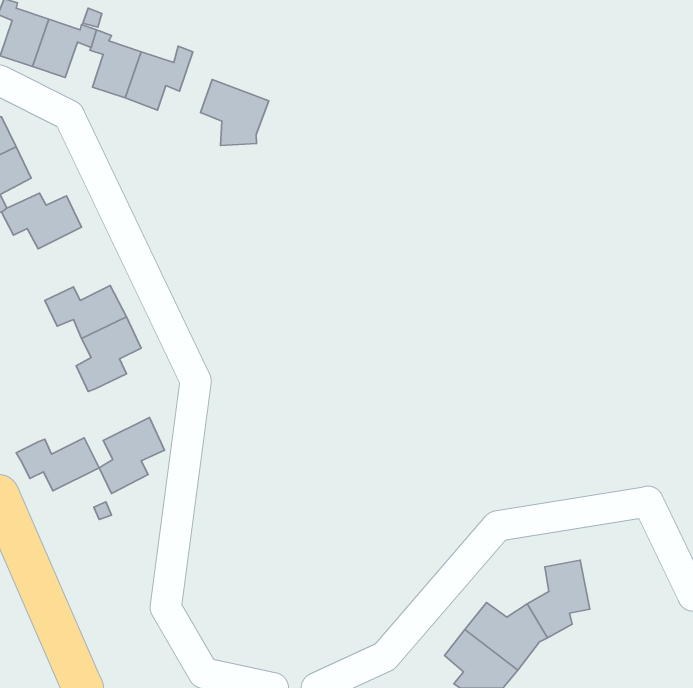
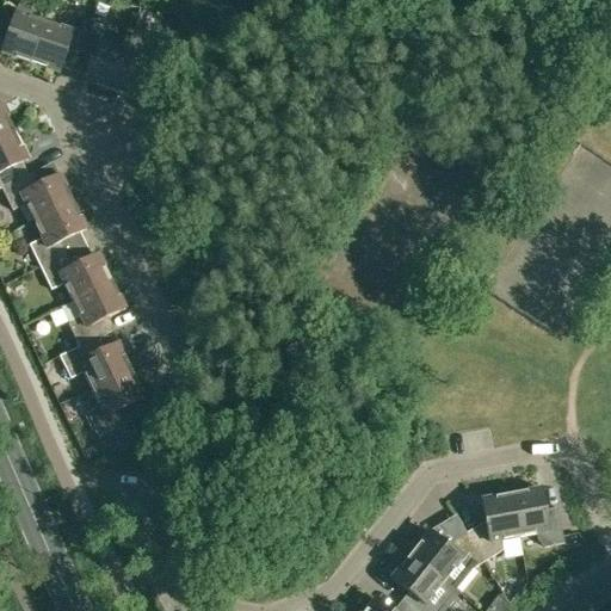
building: [201,80,269,145] -> none
building: none -> [29,199,85,264]
building: [16,438,99,491] -> [58,340,131,387]
building: none -> [510,486,562,543]

